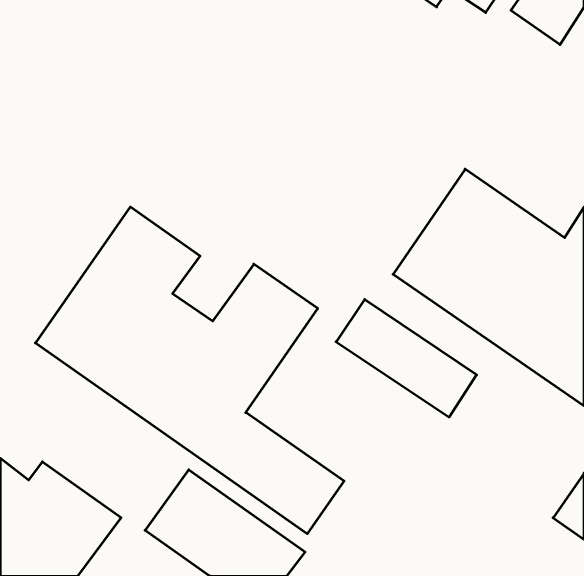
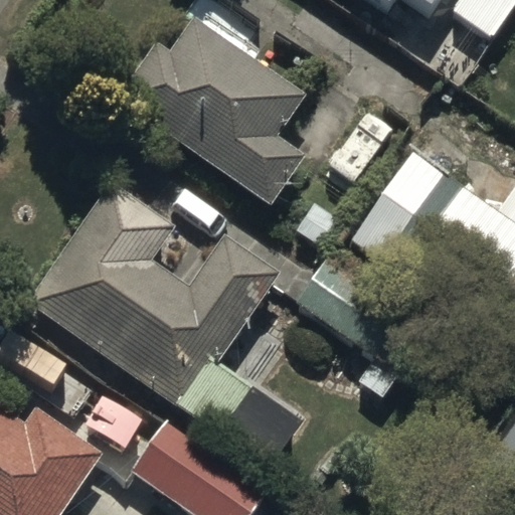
building: none -> [114,17,307,206]

